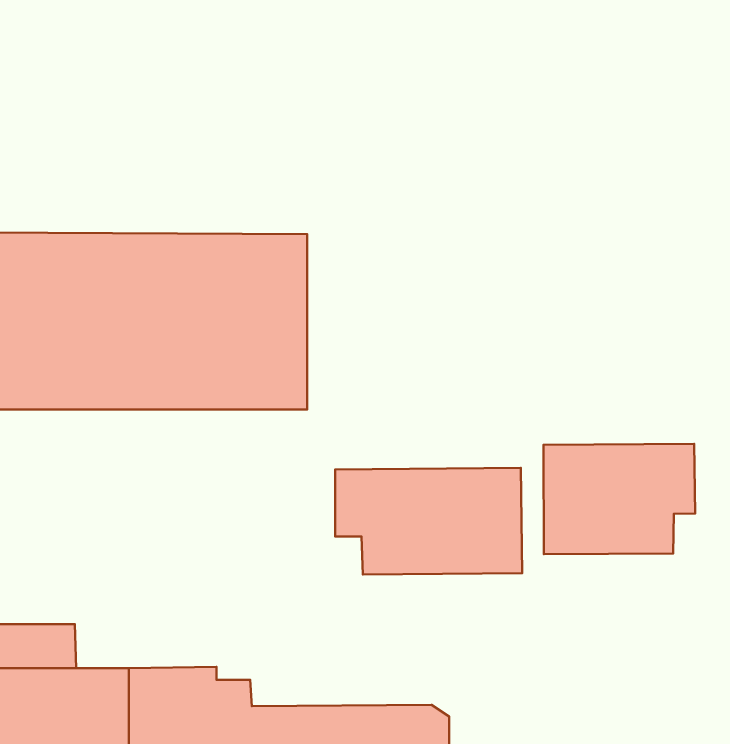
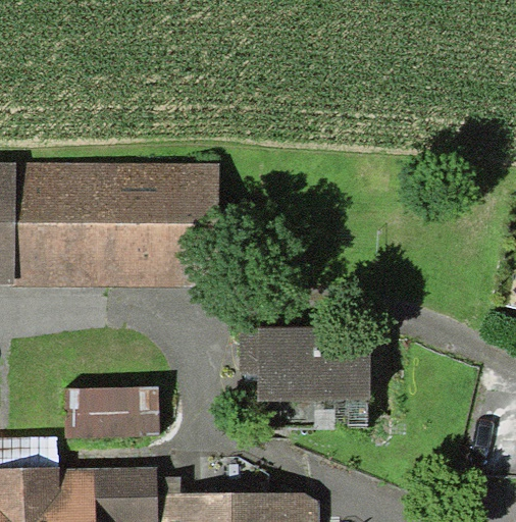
building: [544,444,695,554] -> none
building: none -> [61,385,157,434]

